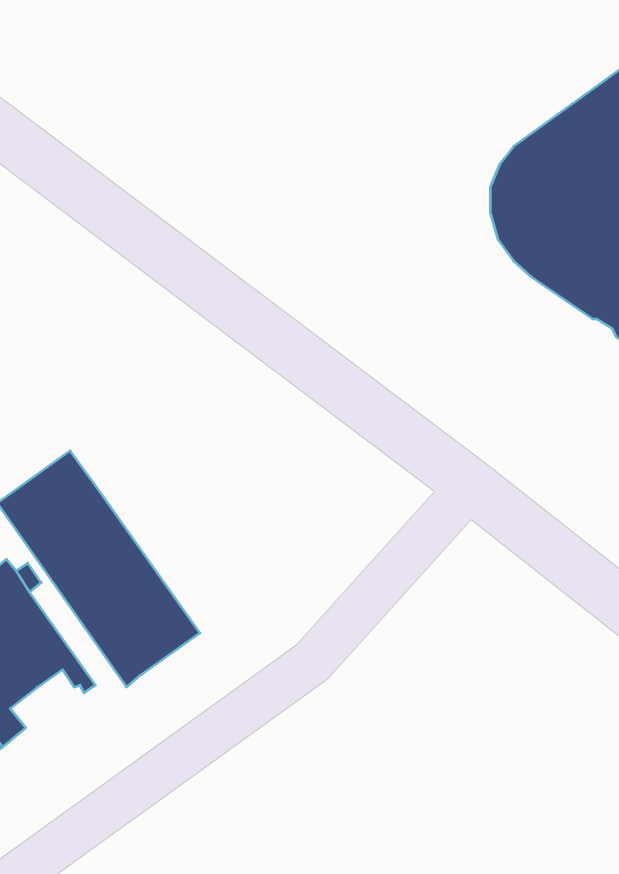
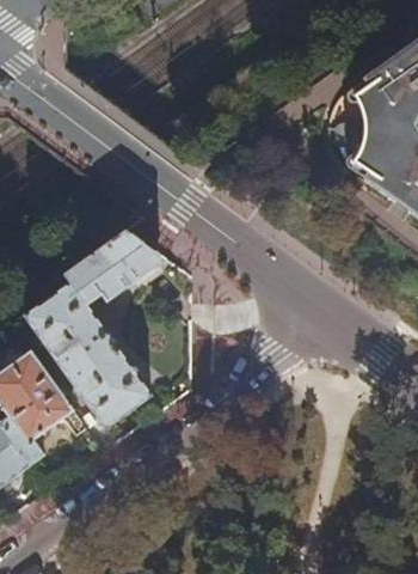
building: none -> [68,226,164,301]

